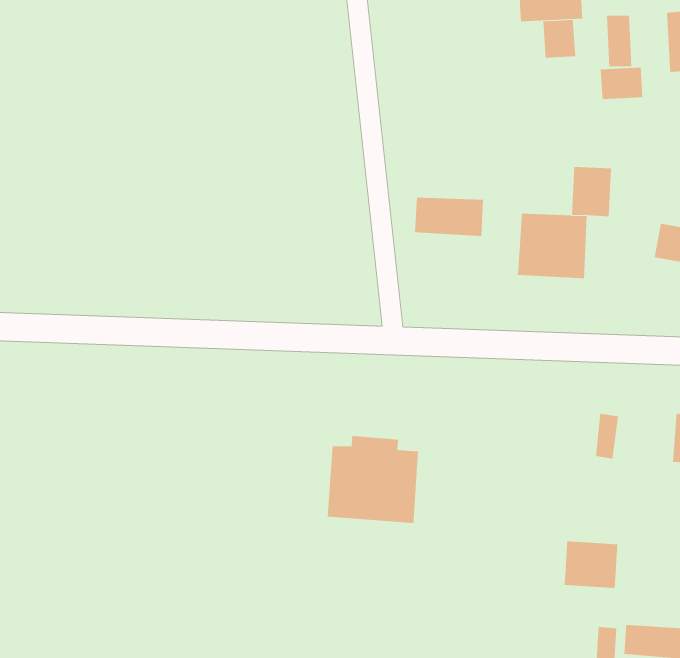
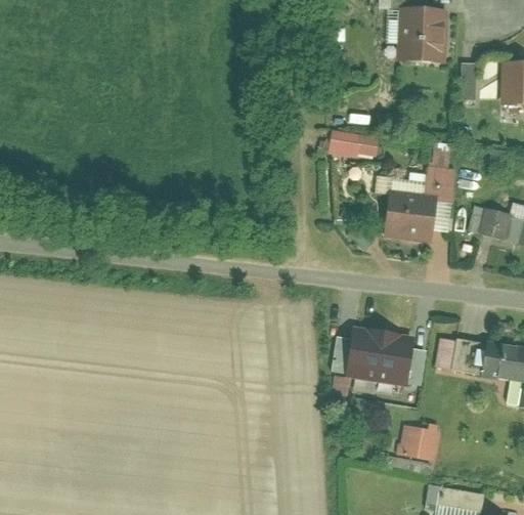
building: [543,19,576,59] -> none
building: [600,67,643,100] -> none
building: [414,197,484,236] -> [331,130,381,161]
building: [327,436,419,524] -> [346,320,413,385]

